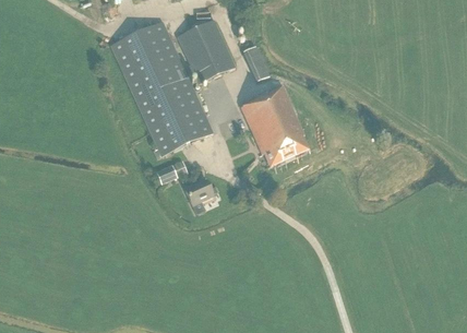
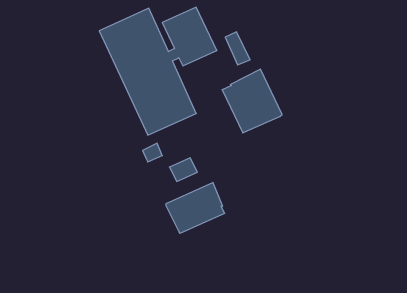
building: [264,134,307,164] -> none
building: none -> [166,182,224,233]

